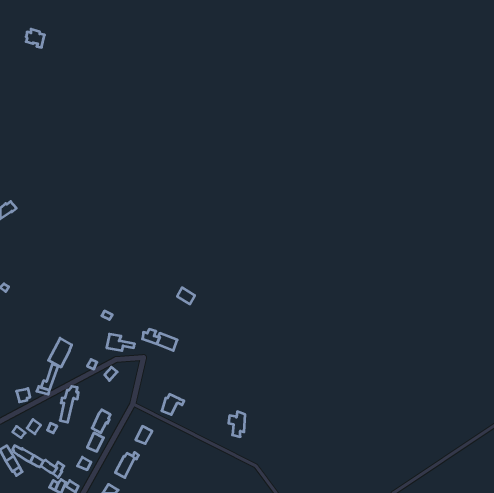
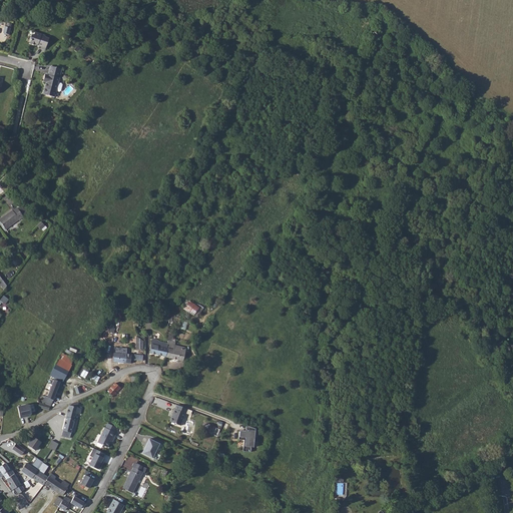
building: none -> [44,67,65,98]

